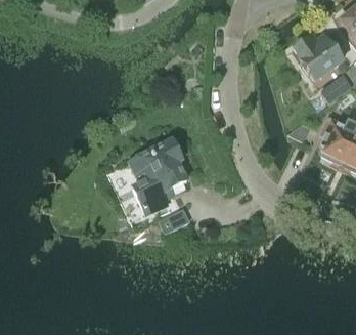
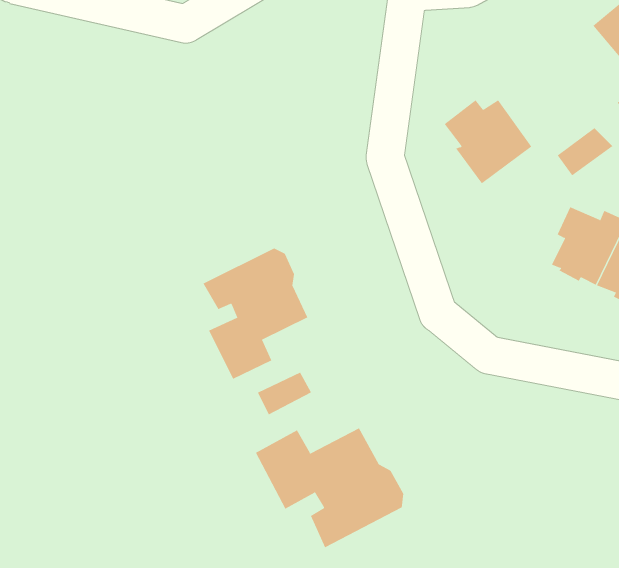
building: [293,35,341,81] -> [444,100,532,184]
building: none -> [255,427,404,548]

